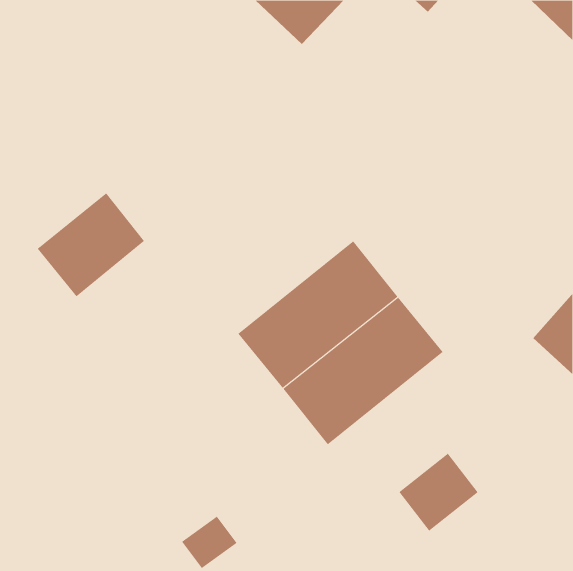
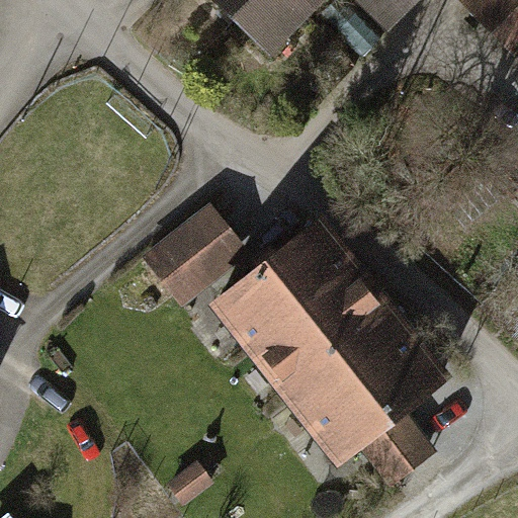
building: [37,193,145,297] -> [144,207,241,301]
building: none -> [294,320,439,453]

